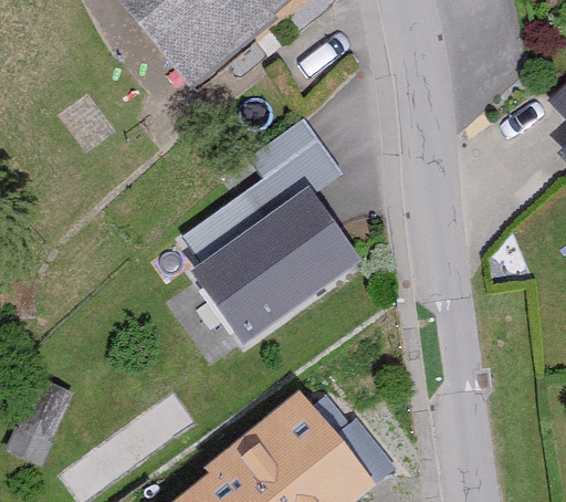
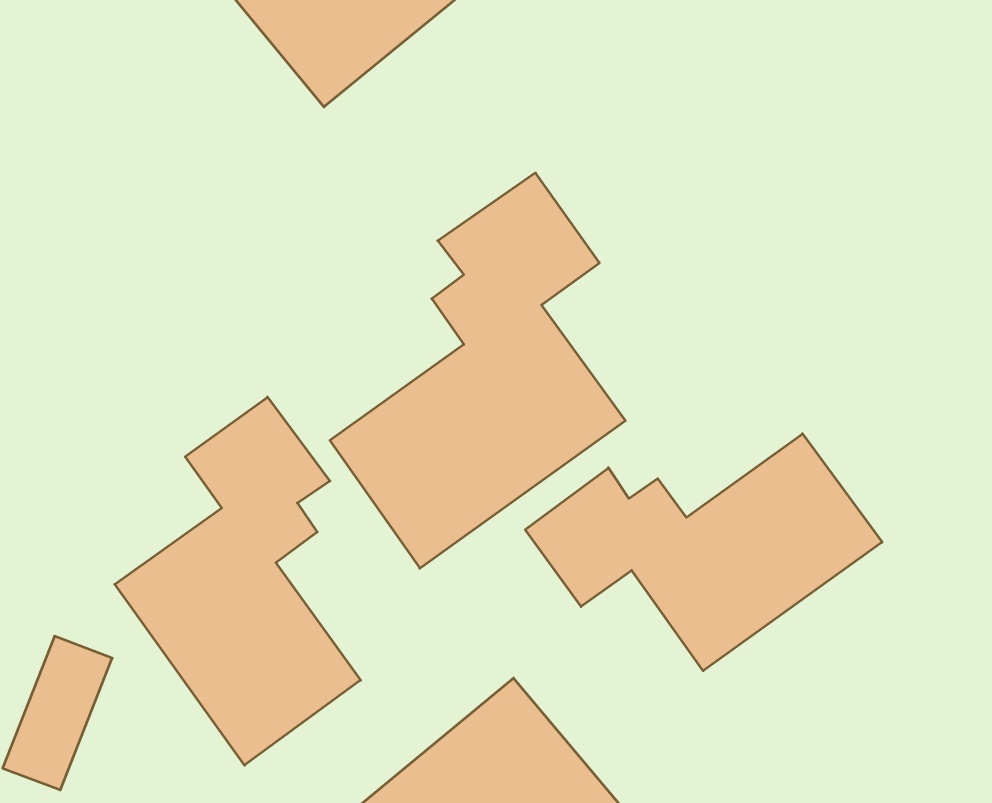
building: none -> [115,397,361,765]
building: none -> [525,434,882,671]

